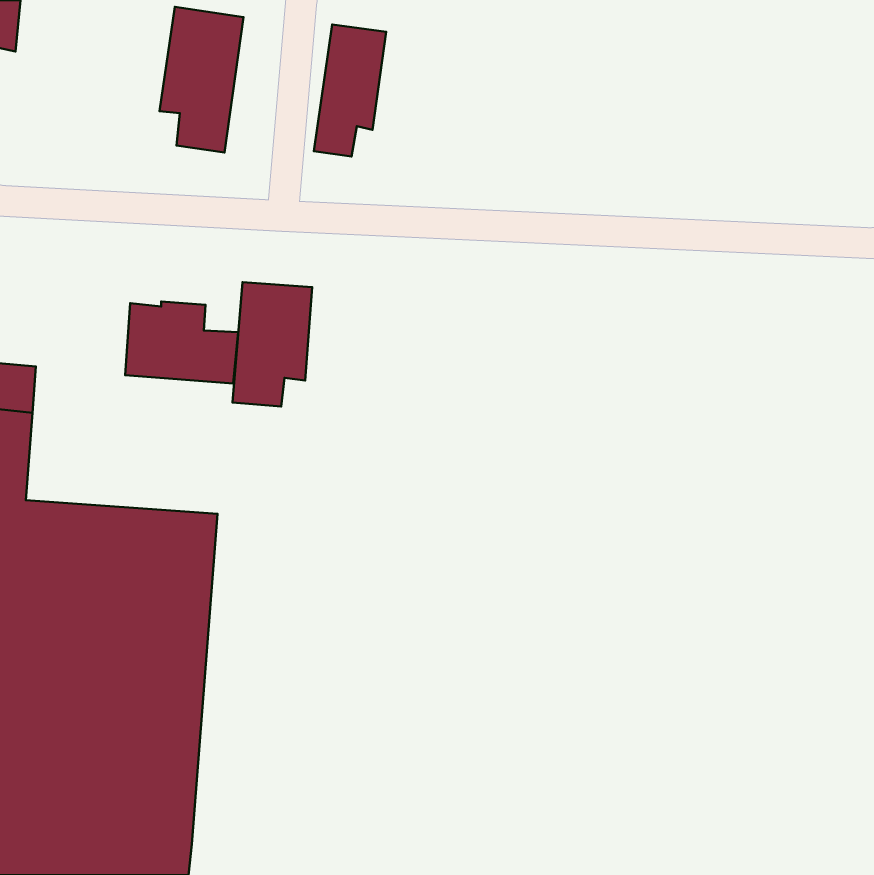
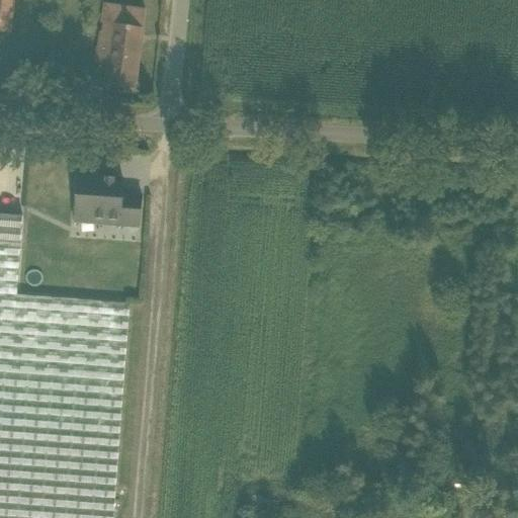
building: [314,25,386,156] -> none
building: [232,282,312,406] -> none

